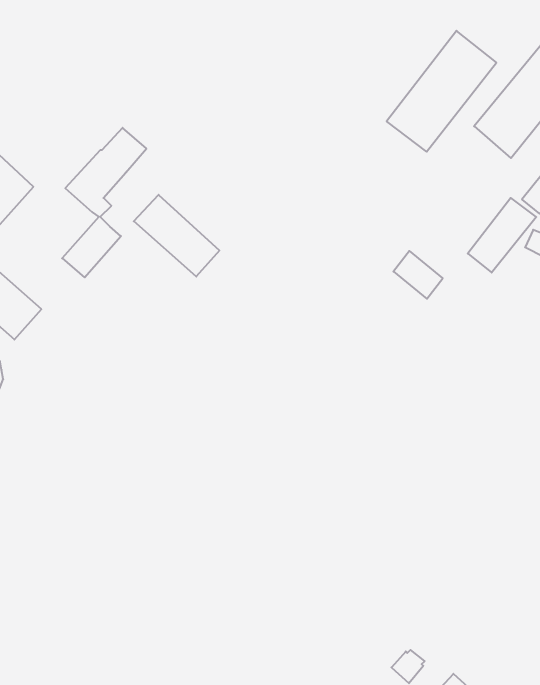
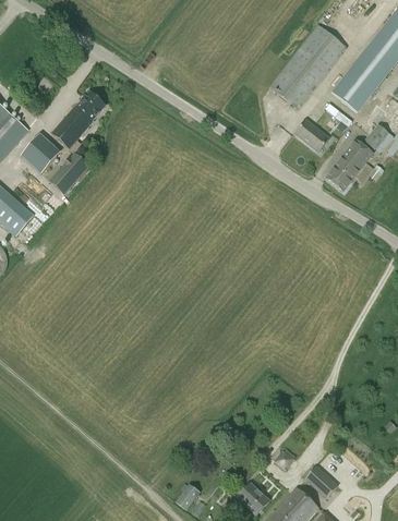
building: none -> [20,132,61,173]
building: [134,195,219,277] -> none
building: [393,251,443,299] -> [296,118,329,150]

